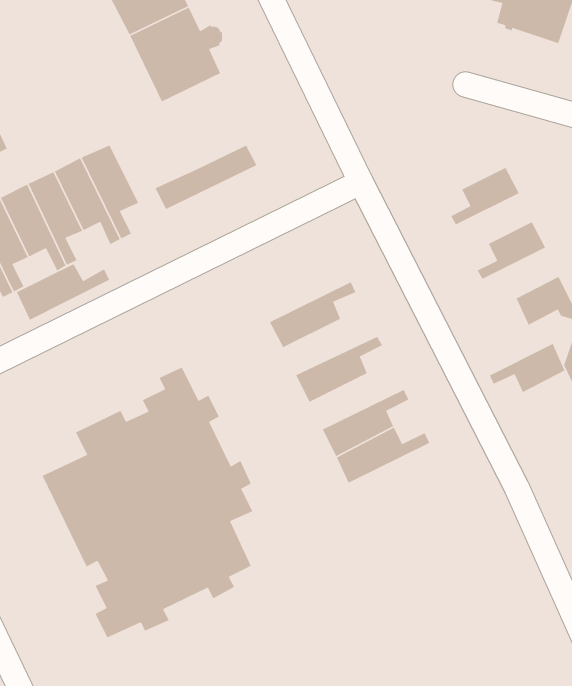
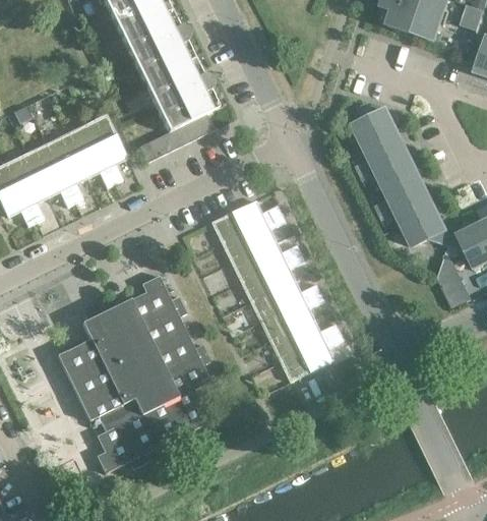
building: none -> [143,61,212,131]
building: none -> [352,103,394,146]
building: none -> [358,149,414,185]
building: none -> [211,199,282,242]
building: [16,263,110,321] -> none
building: none -> [232,240,301,281]
building: [489,343,566,393] -> [377,188,433,225]
building: none -> [251,280,320,321]
building: none -> [280,331,344,381]

